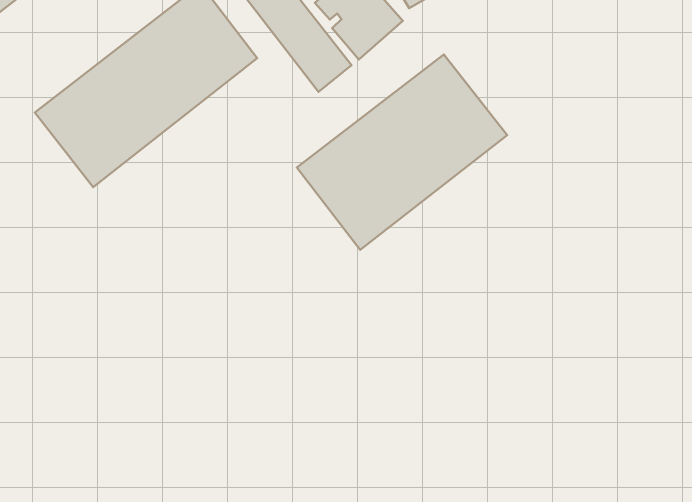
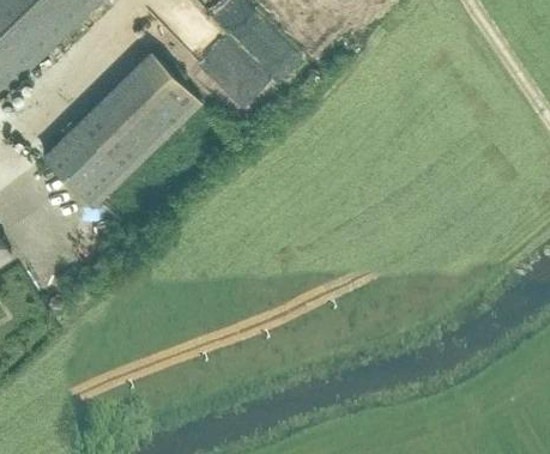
building: [297,54,507,250] -> none

